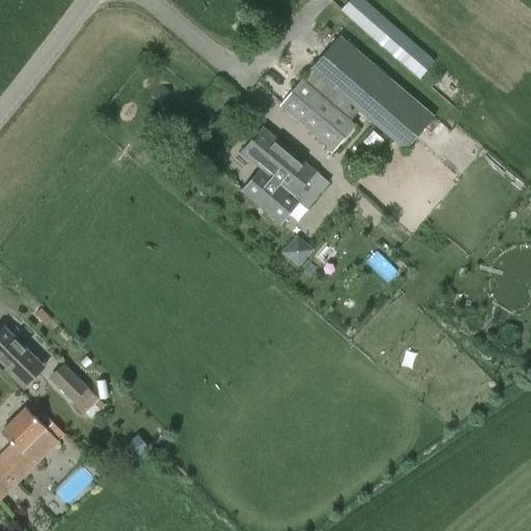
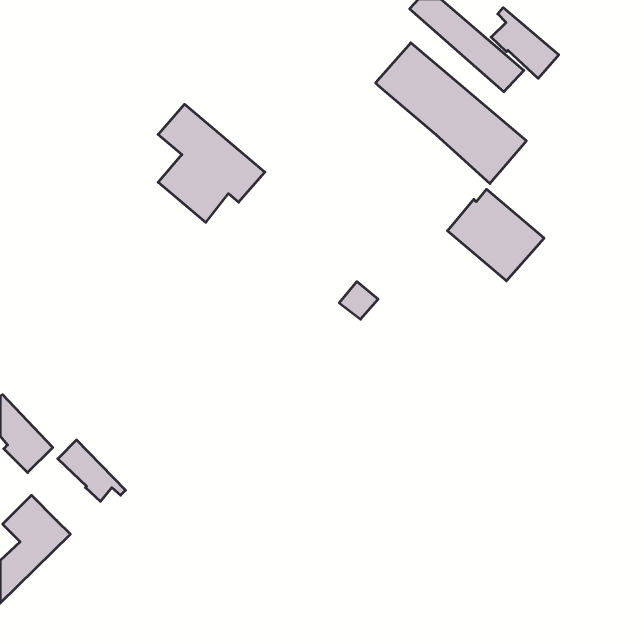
building: none -> [491,8,559,78]
building: [280,71,360,146] -> [447,189,544,281]
building: [241,127,329,224] -> [158,104,265,222]

